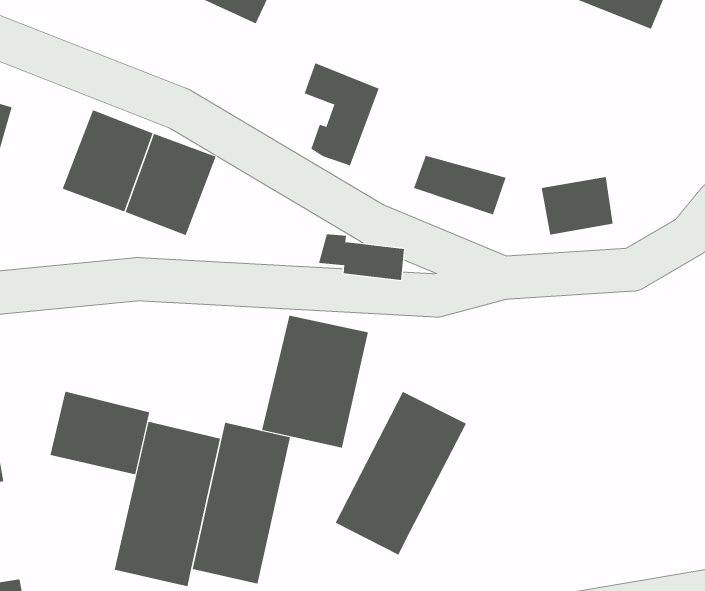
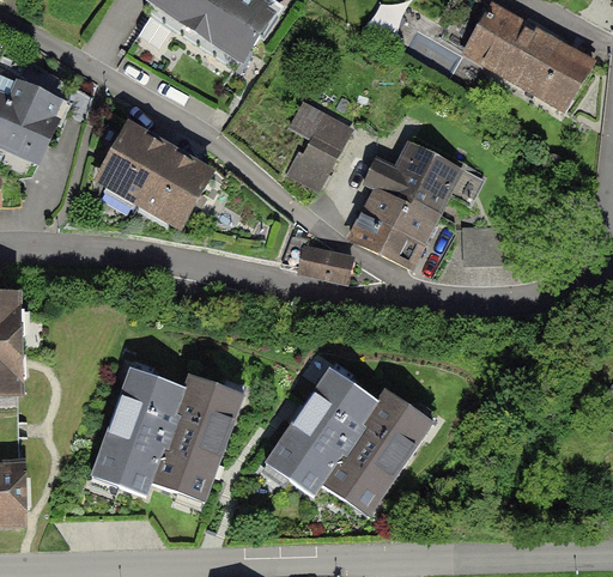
building: none -> [363,146,457,215]
building: none -> [350,213,421,269]
building: [261,315,369,449] -> none
building: [50,391,150,475] -> none
building: none -> [317,387,429,512]

